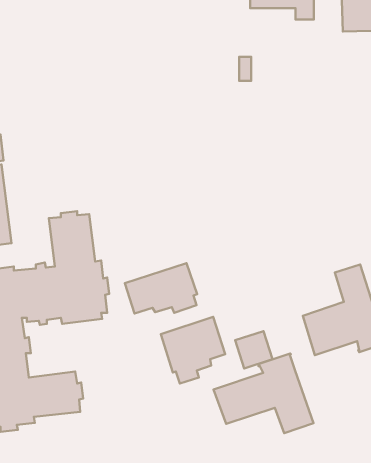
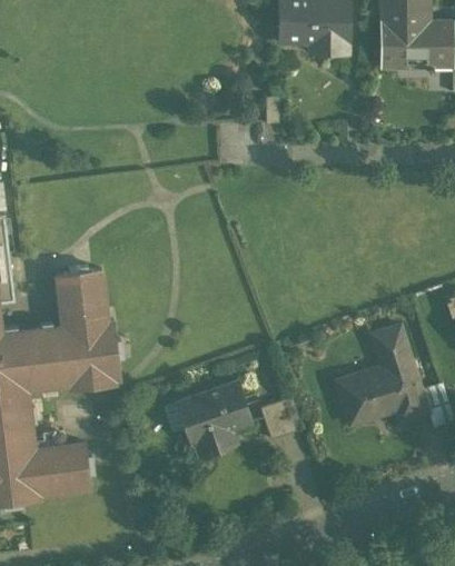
building: [125,263,197,314] -> none
building: [214,353,313,433] -> none

